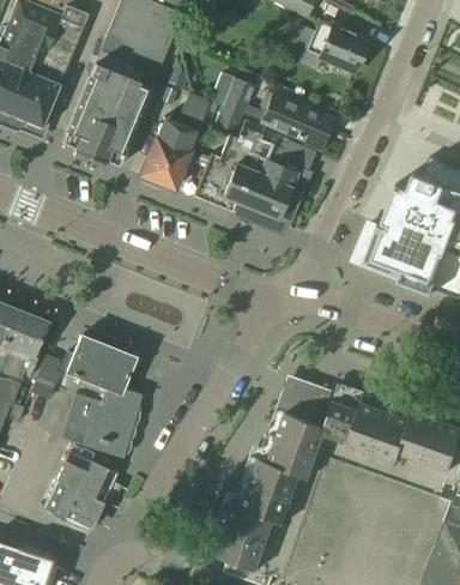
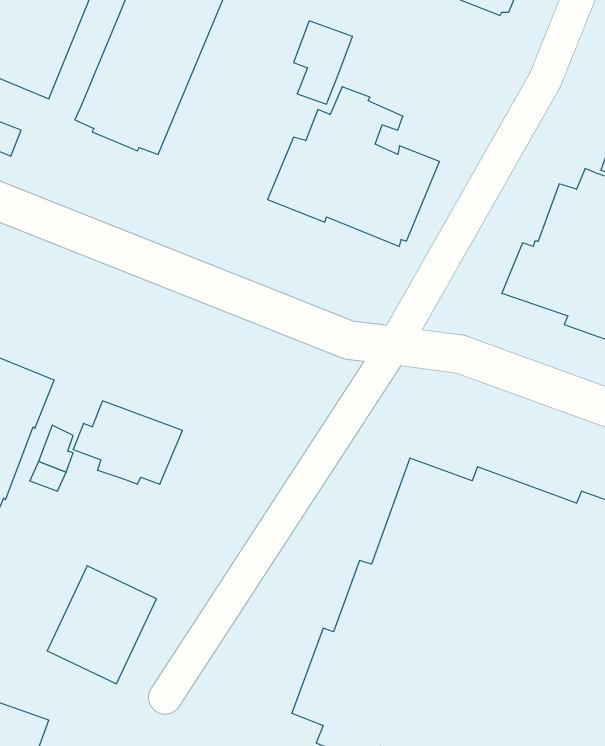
building: [241,92,332,151] -> none
building: [139,94,208,189] -> none
building: [60,388,139,457] -> none

